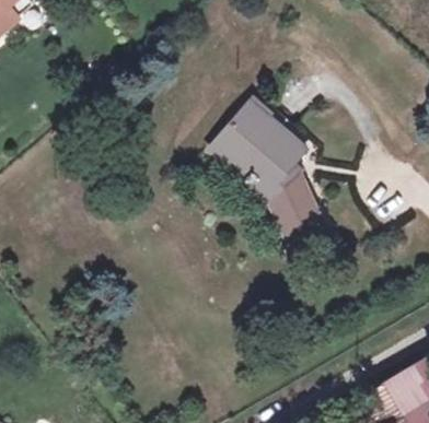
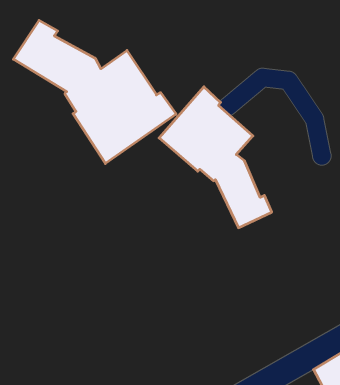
building: none -> [13,20,176,164]

